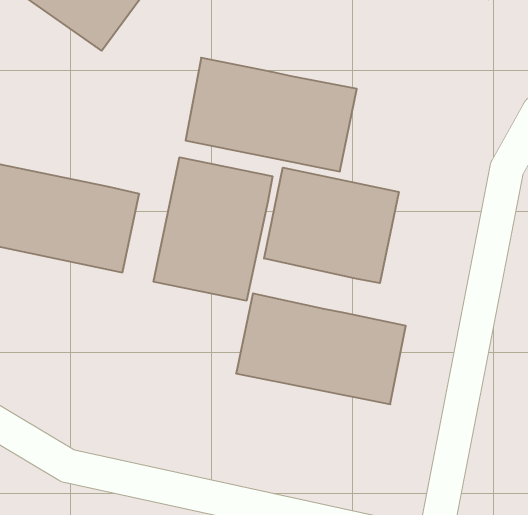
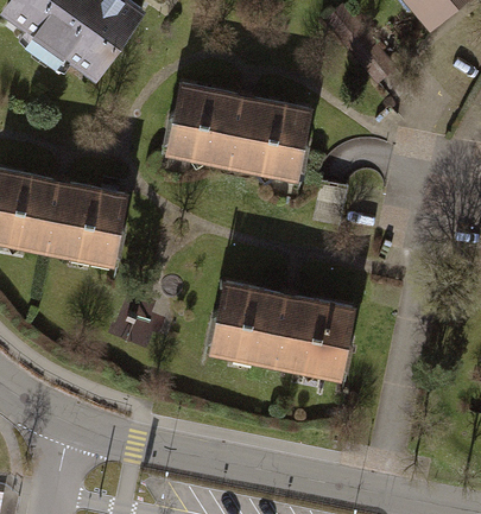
building: [154,157,272,301] -> none
building: [264,168,399,283] -> none

